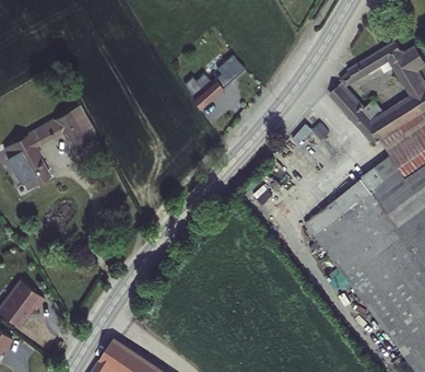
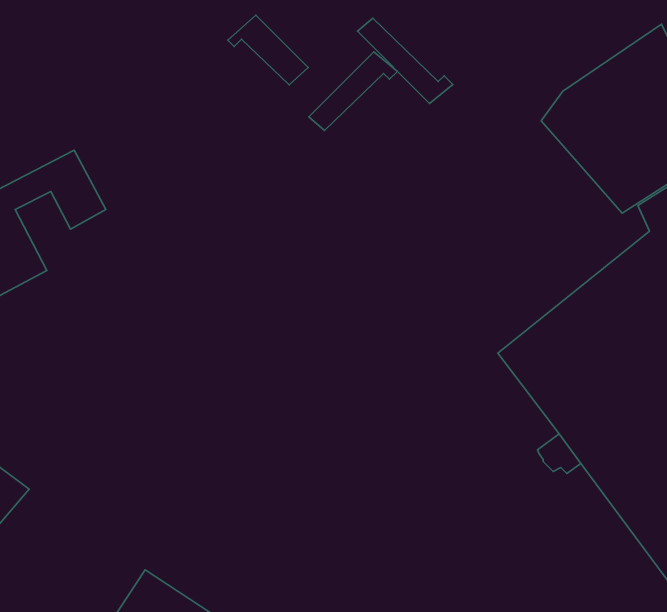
building: none -> [228,15,308,85]
building: none -> [357,18,453,103]

